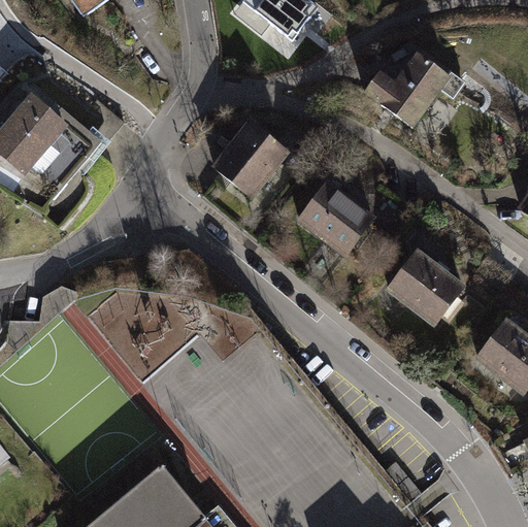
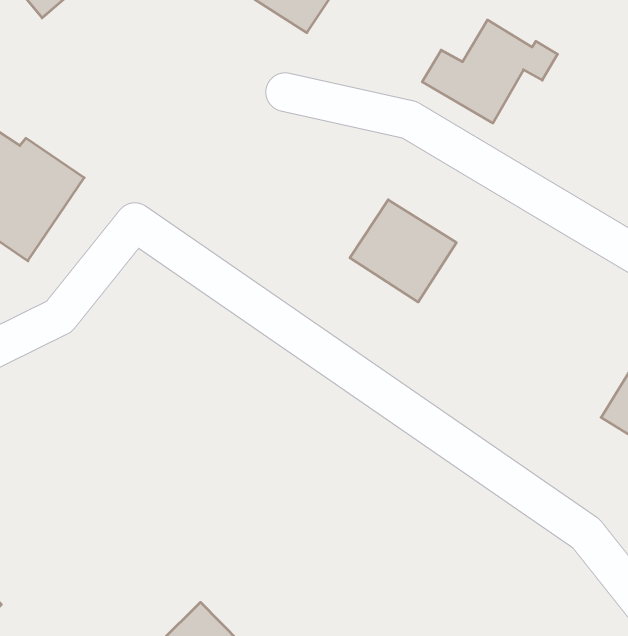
building: [208,118,290,200] -> none
building: [386,246,467,326] -> none

